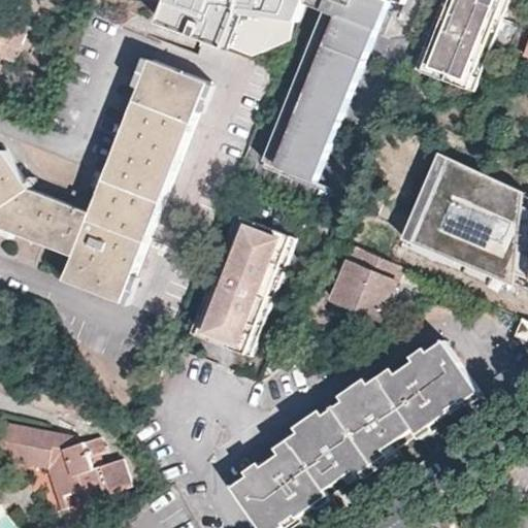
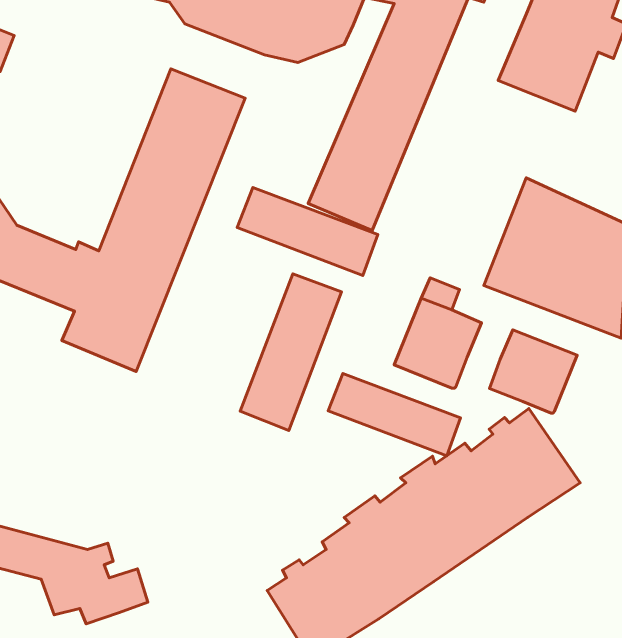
building: none -> [237,188,378,275]
building: none -> [489,330,577,413]
building: none -> [328,373,461,456]

